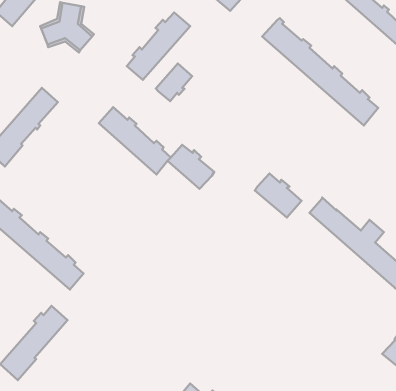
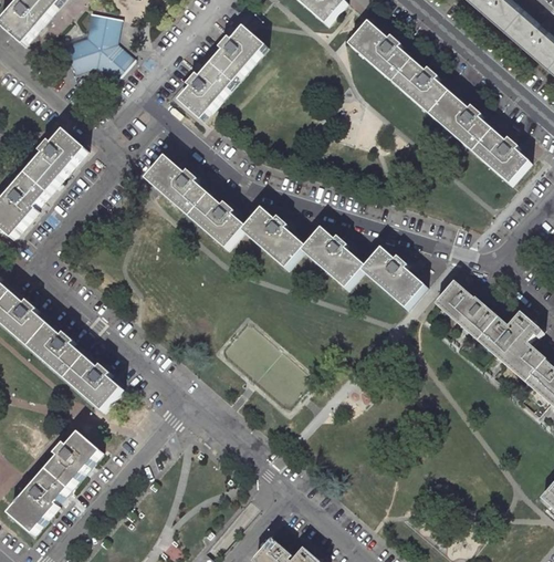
building: none -> [345,19,389,59]
building: [156,64,192,101] -> none
building: none -> [299,227,362,288]

